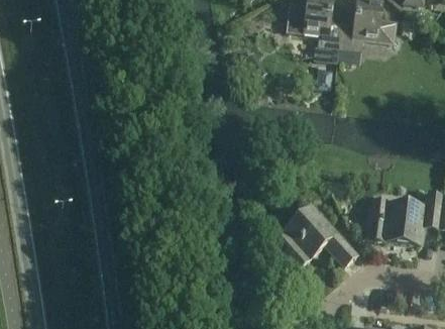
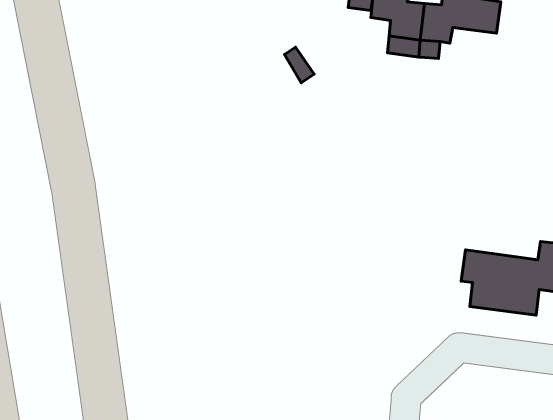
building: [275,202,357,265] -> none

